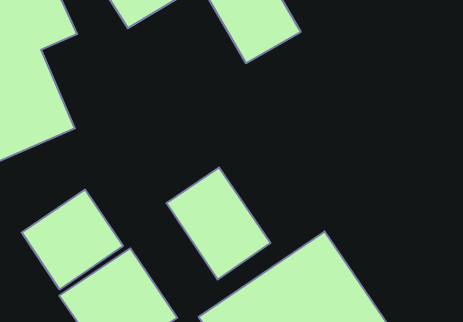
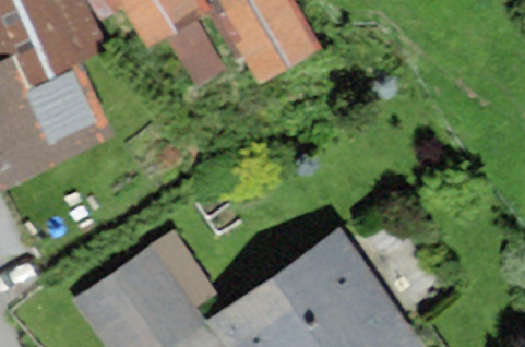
building: [166,167,270,280] -> none
building: [22,190,123,289] -> none

